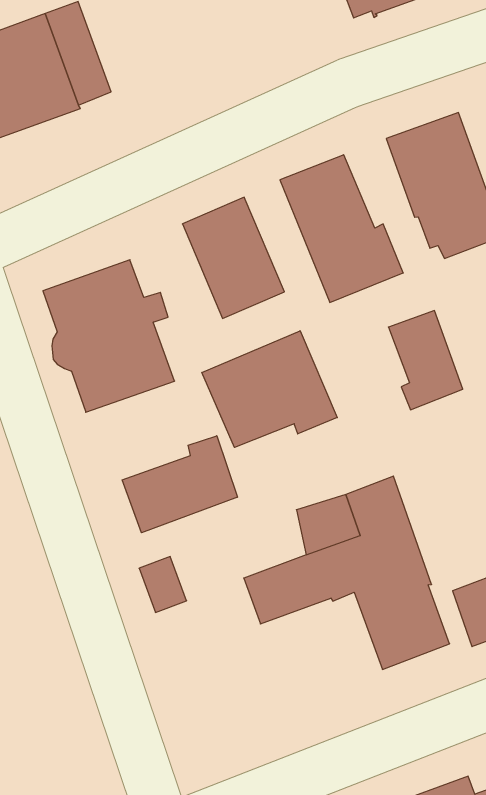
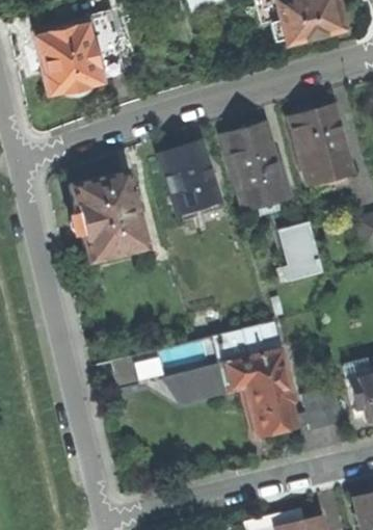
building: [202,331,337,447] -> none
building: [122,436,237,533] -> none

